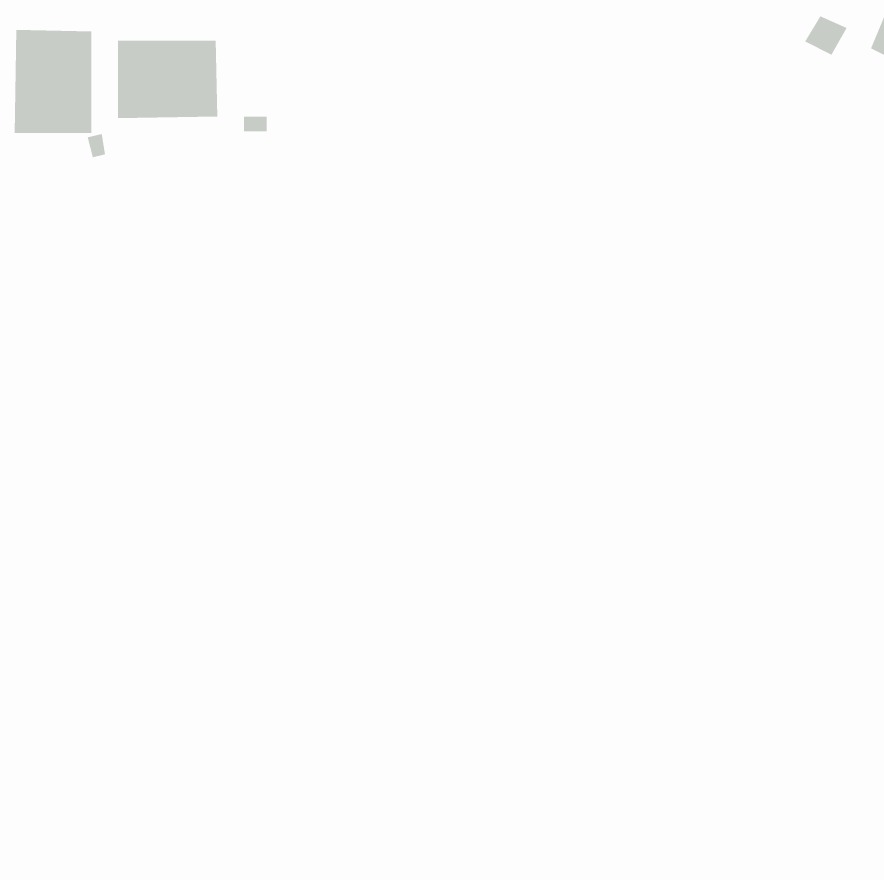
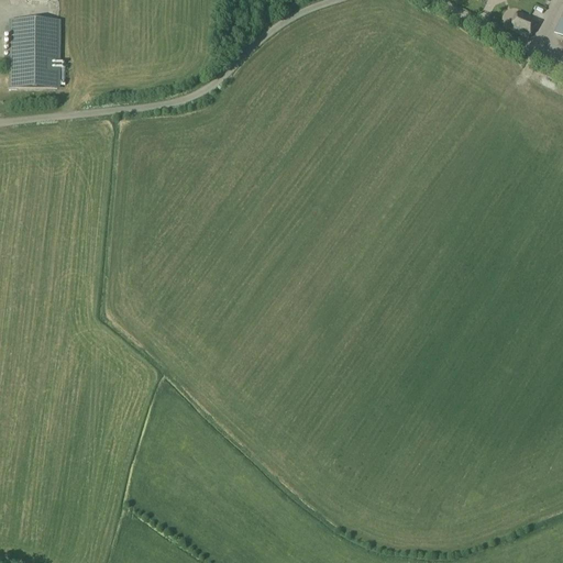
building: [118,40,218,119] -> none

